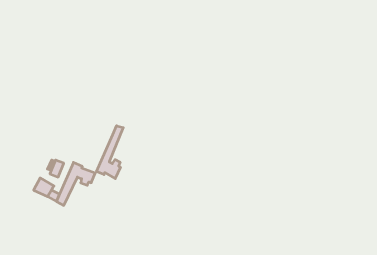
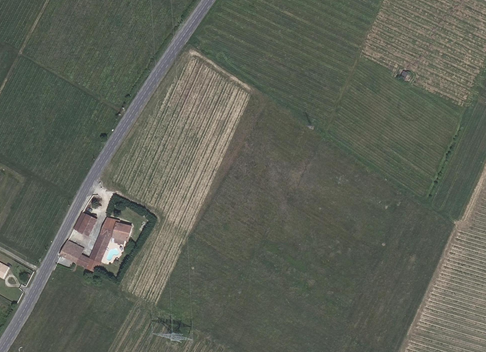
building: [97,126,123,179] -> none

